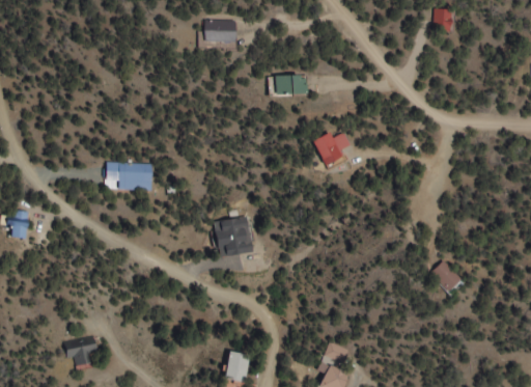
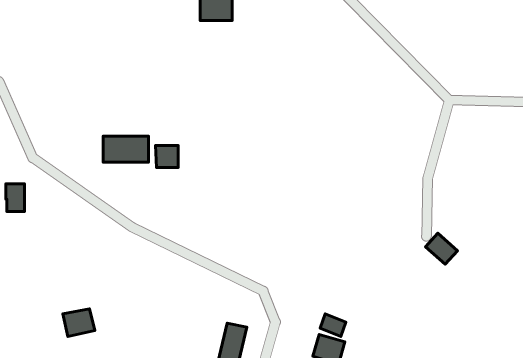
building: [275,75,306,93] -> none
building: [313,131,351,164] -> none
building: none -> [156,145,178,167]
building: [215,217,252,255] -> none

